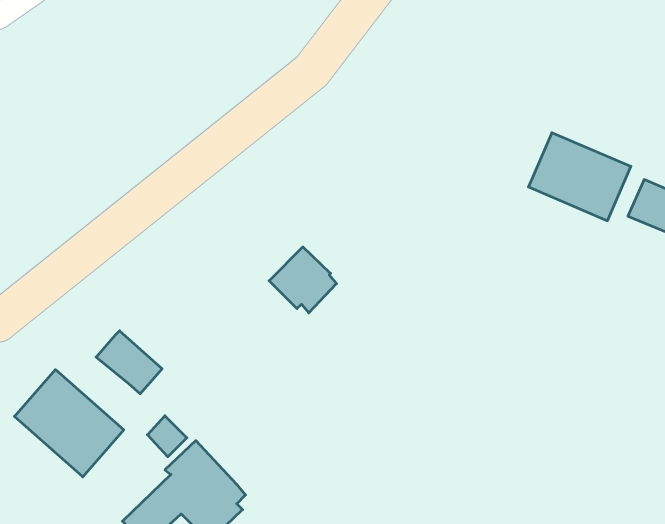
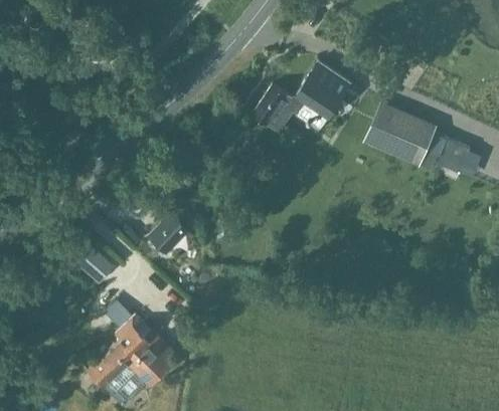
building: none -> [252,63,350,134]
building: [269,247,337,313] -> [147,212,193,257]
building: [14,370,124,477] -> none

